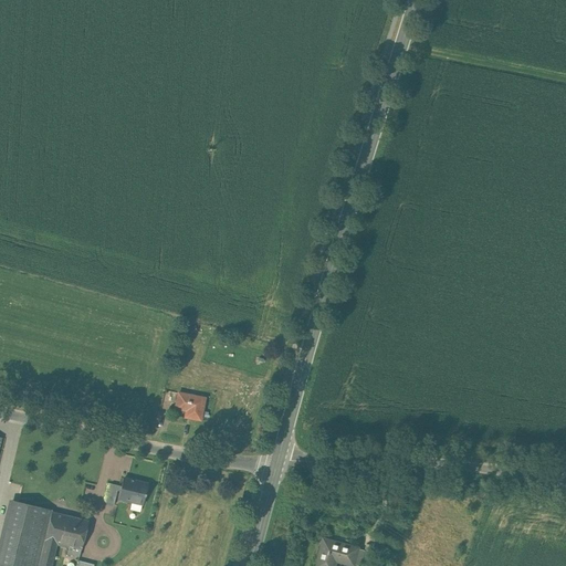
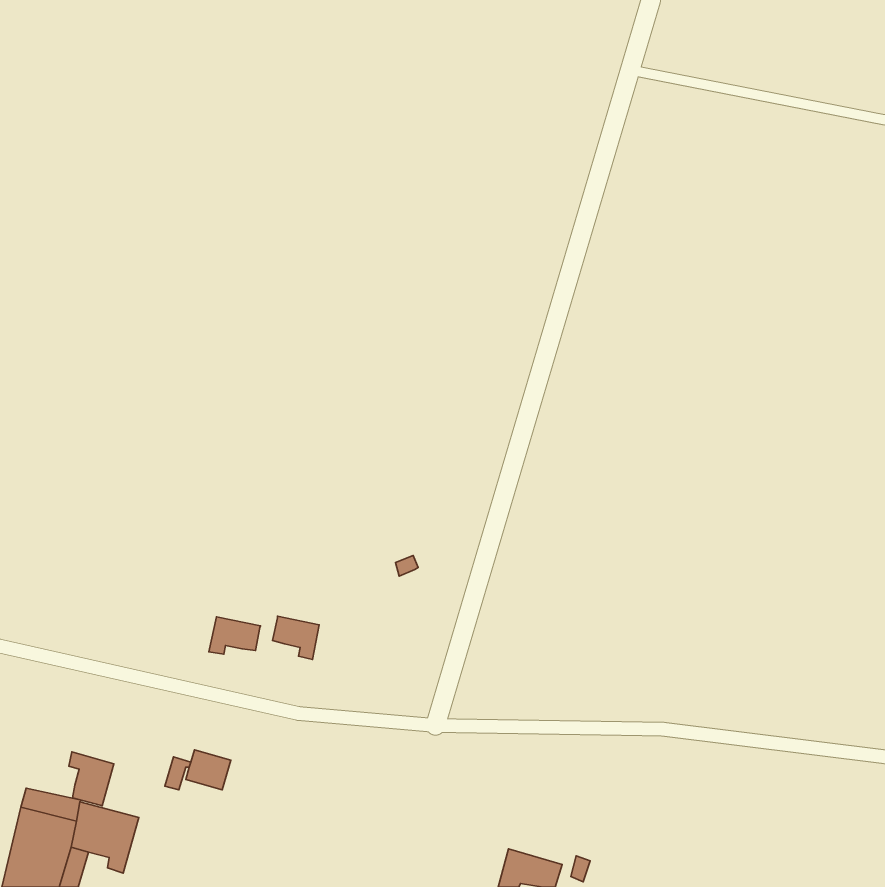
building: none -> [209,617,261,654]
building: none -> [69,752,114,806]

